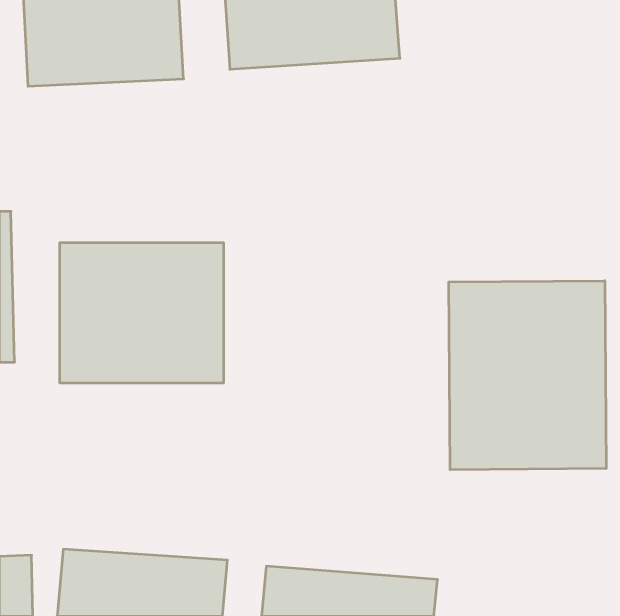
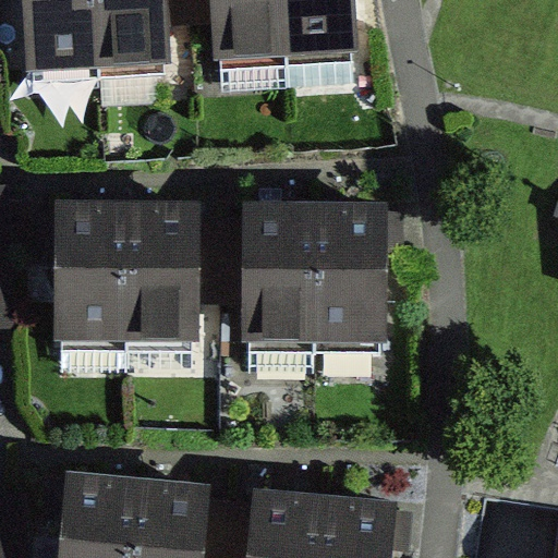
building: none -> [240,219,387,344]
building: [449,281,606,470] -> none

